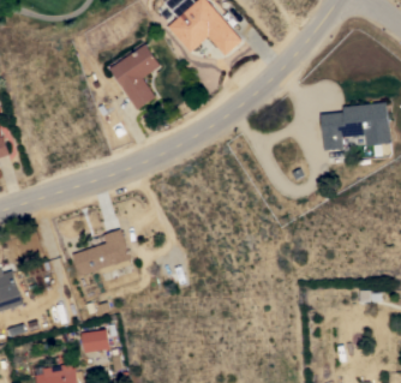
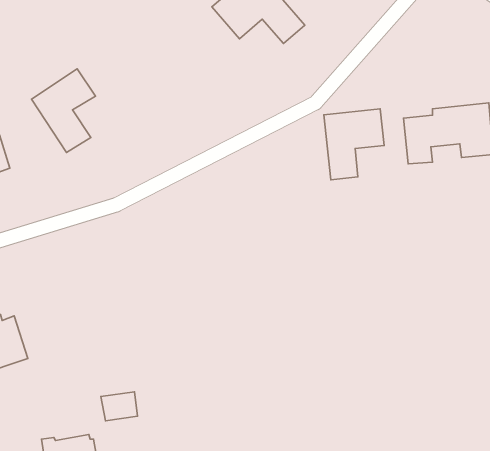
building: [110,44,161,110] -> [31,69,95,153]
building: none -> [324,109,384,180]
building: [72,229,132,277] -> none

